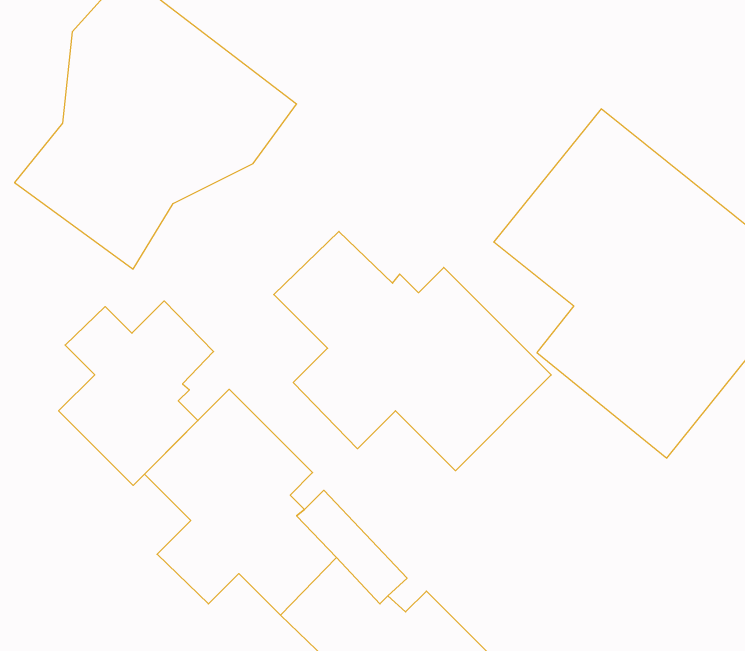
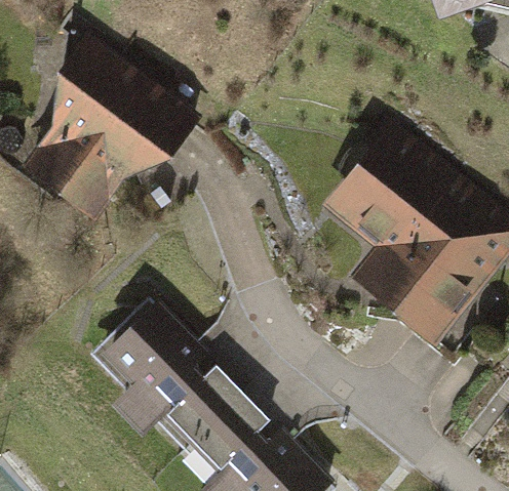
building: [274,231,551,471] -> none
building: [59,301,214,485] -> none

